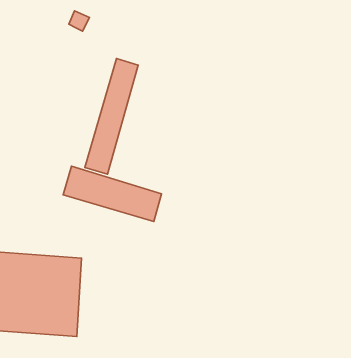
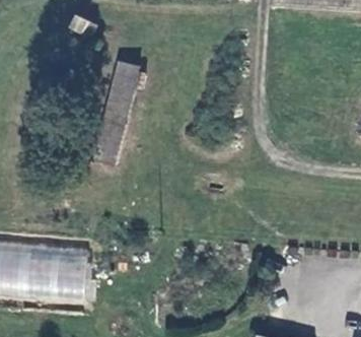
building: [63,166,161,221] -> none

